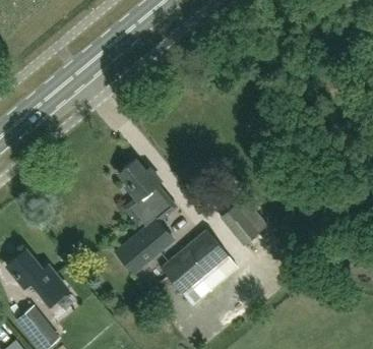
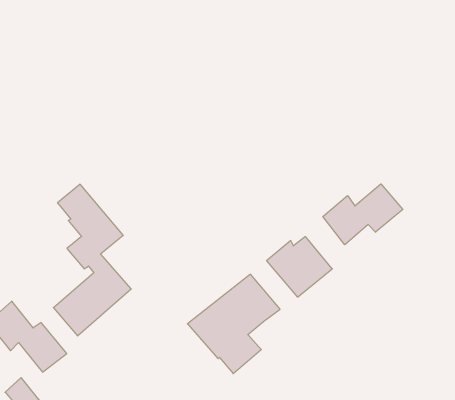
building: [115,160,174,275] -> [53,184,131,336]
building: none -> [323,184,403,245]

